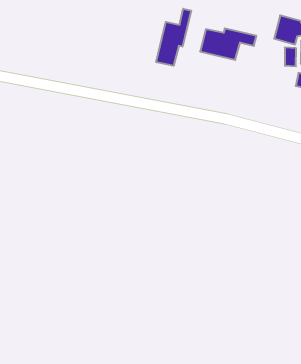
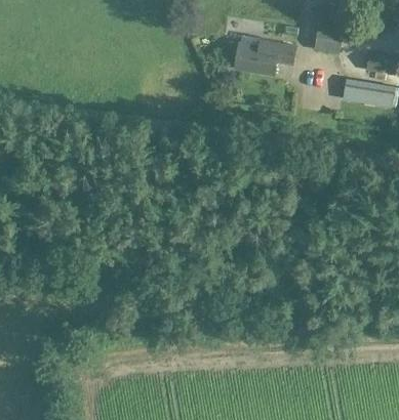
building: [156,9,191,66] -> none

